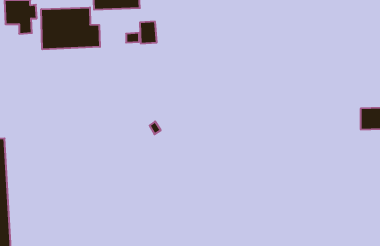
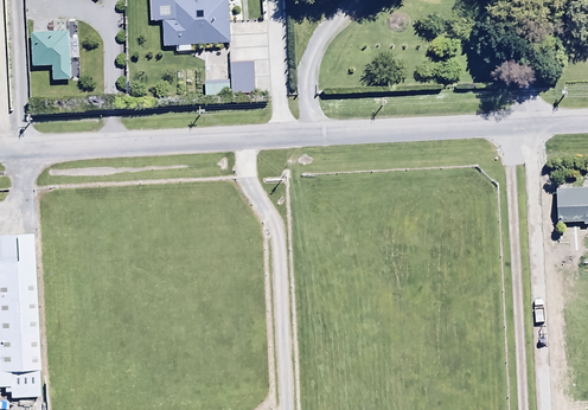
building: [41,7,100,49] -> none

